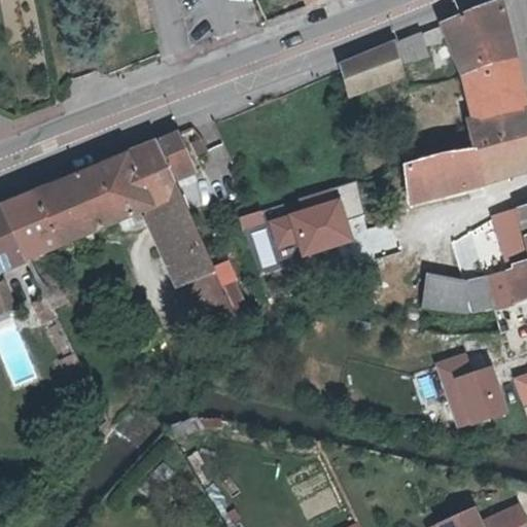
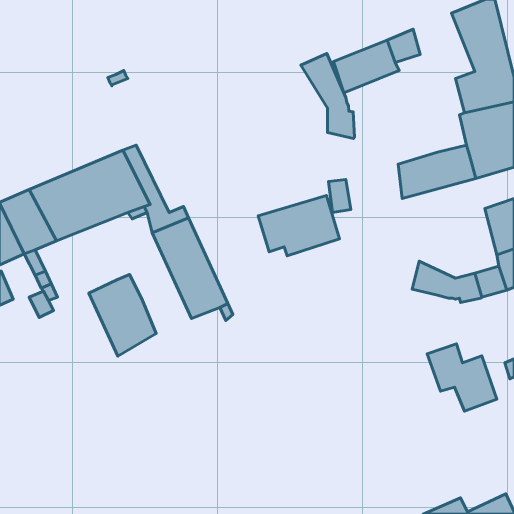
building: [441,13,485,80] -> none
building: none -> [301,53,354,139]
building: [139,133,195,217] -> none
building: none -> [89,274,156,356]

